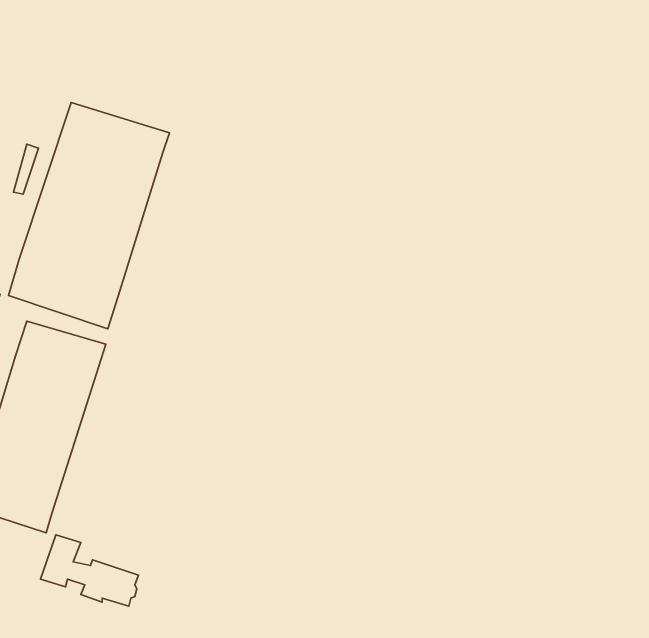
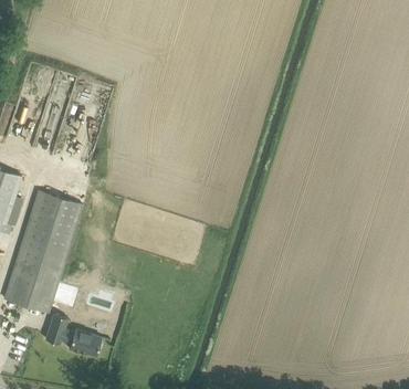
building: [8,102,170,329] -> none

